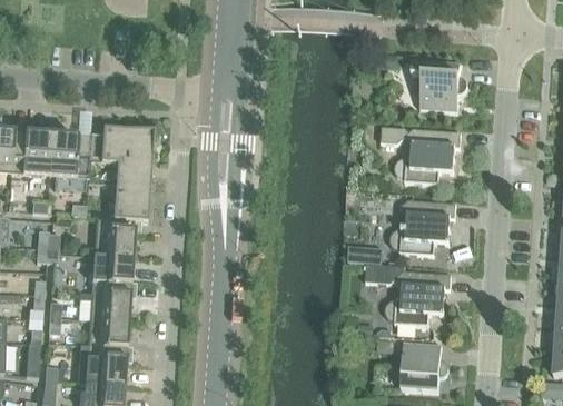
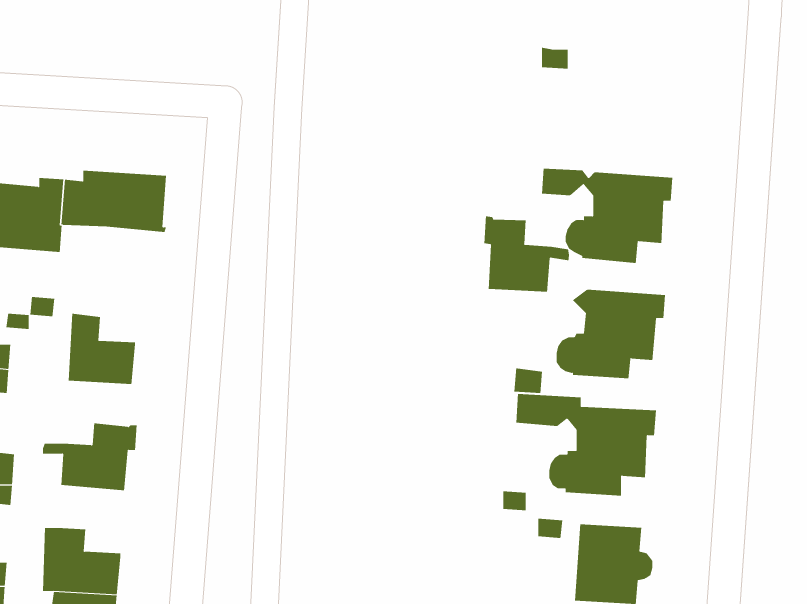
building: [412,62,468,112] -> none
building: none -> [484,216,570,293]
building: [112,162,152,235] -> none
building: [90,256,132,295] -> none
building: [87,319,131,363] -> none

